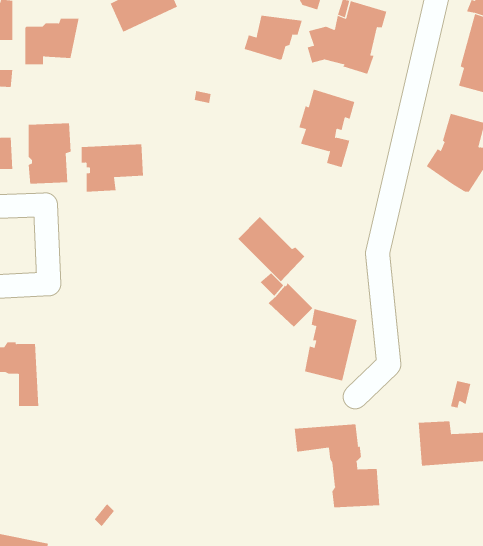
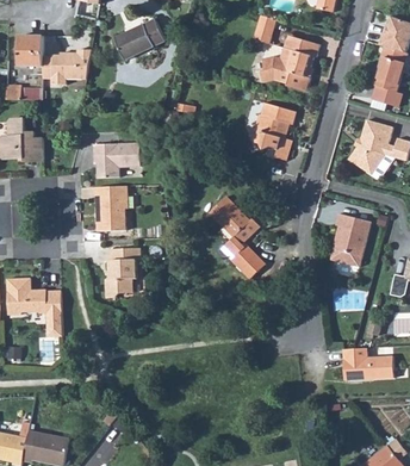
building: [244,15,302,60] -> none
building: [28,123,71,184] -> [95,186,128,231]
building: none -> [105,247,139,297]
building: [304,309,357,381] -> [330,212,369,266]
building: [294,424,380,508] -> none

